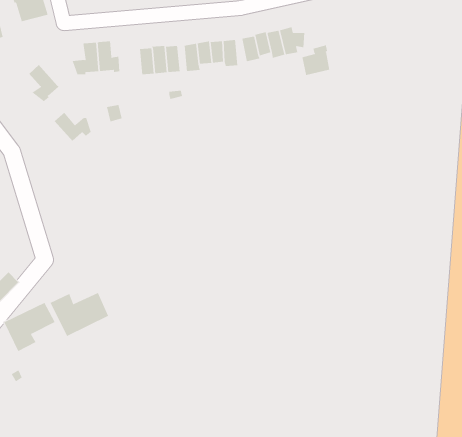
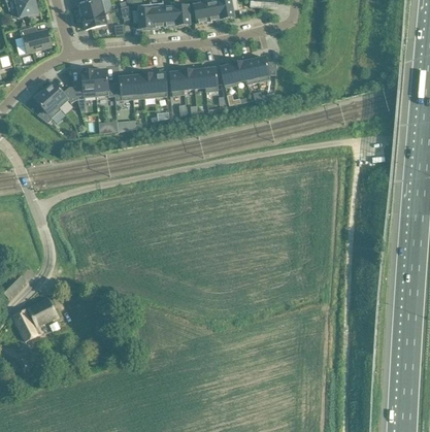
building: [302,45,330,76] -> none
building: none -> [113,75,133,100]
building: [54,112,92,142] -> [43,80,76,107]
building: [50,292,109,337] -> none

